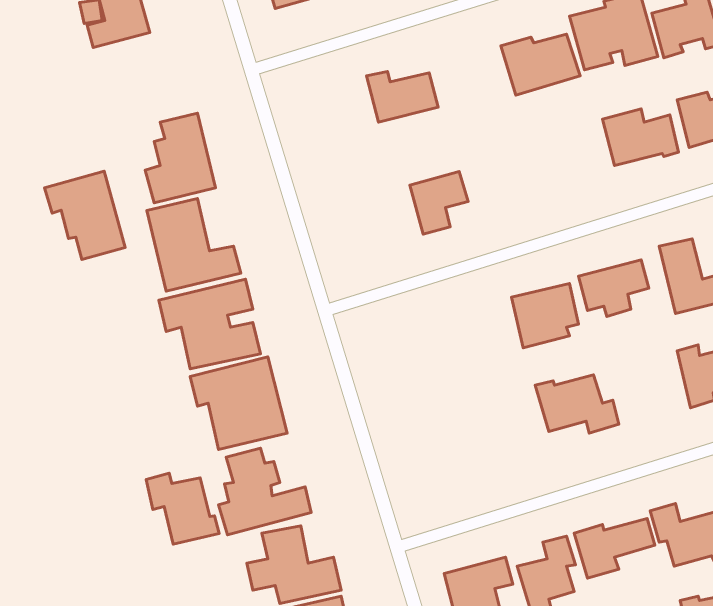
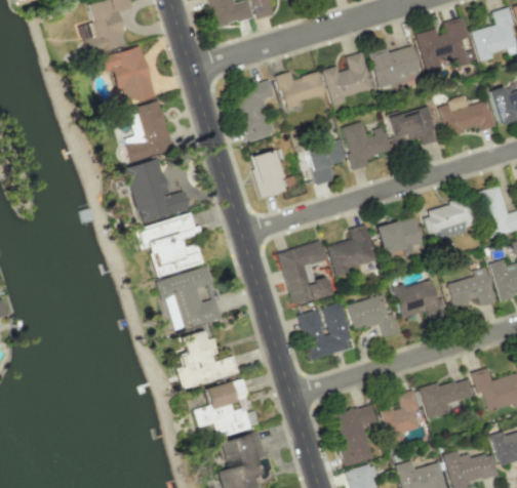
building: none -> [323,52,373,107]
building: none -> [234,80,276,143]
building: none -> [388,106,439,146]
building: none -> [343,122,392,171]
building: [45,171,125,259] -> [102,45,157,106]
building: none -> [251,150,286,199]
building: none -> [328,225,376,274]
building: none -> [279,242,331,306]
building: none -> [447,268,496,308]
building: none -> [348,295,401,339]
building: none -> [299,302,352,360]
building: [146,473,219,544] -> none

